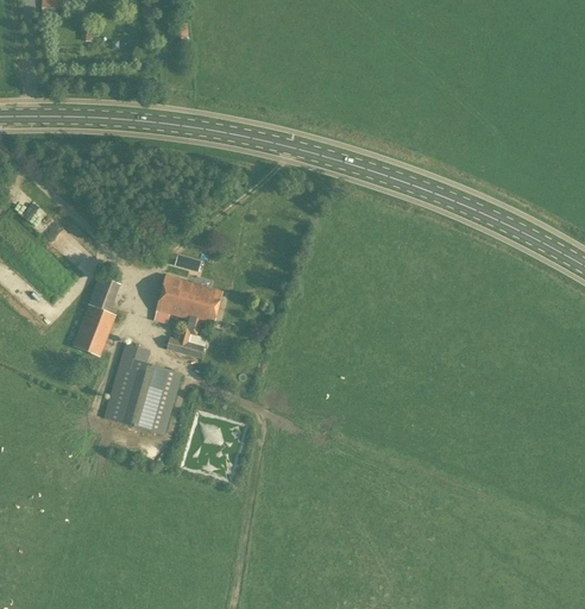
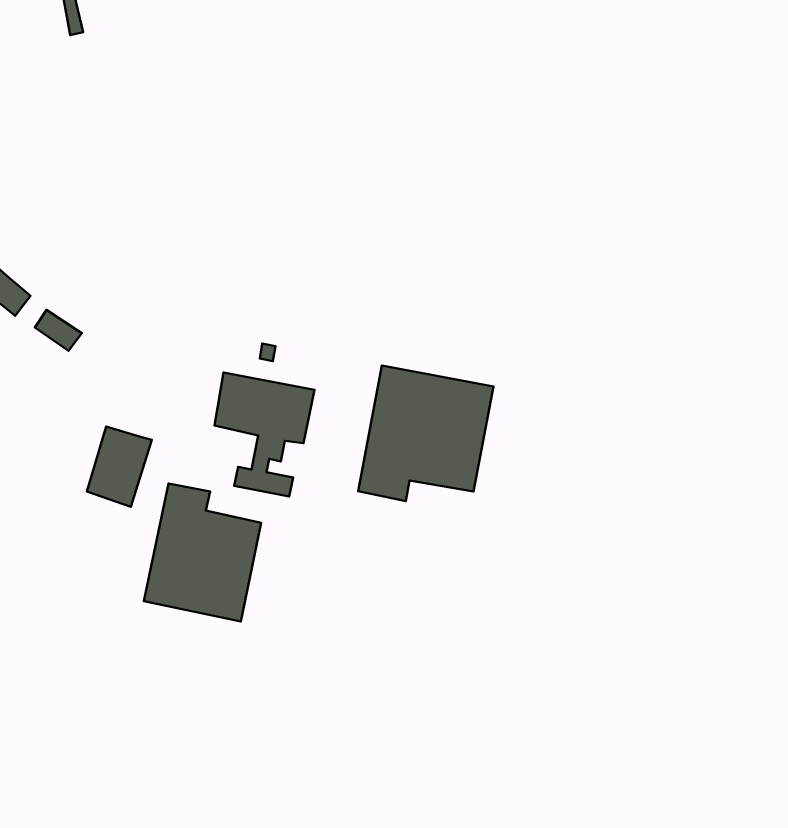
building: [88,275,120,312] -> none
building: none -> [358,366,494,501]

